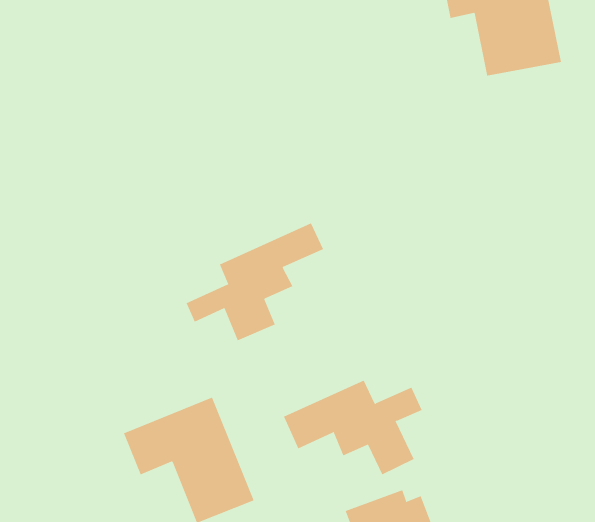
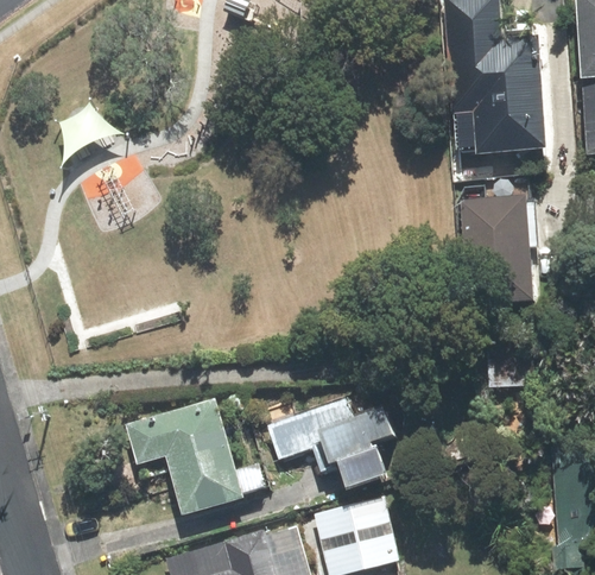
building: none -> [463,200,531,301]
building: [186,222,324,341] -> none

